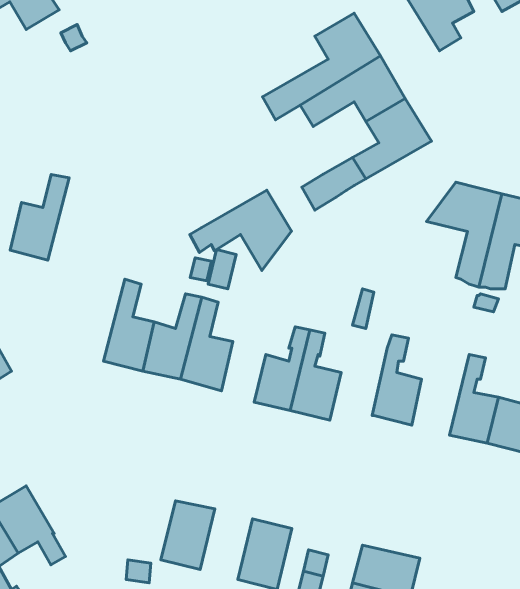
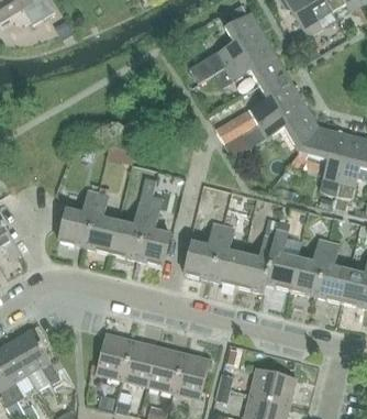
building: [10,175,69,260] -> [58,189,98,246]
building: [190,190,291,271] -> [252,99,320,153]
building: none -> [235,235,274,293]
building: none -> [290,239,329,296]
building: none -> [96,333,132,379]
building: none -> [148,345,184,393]

